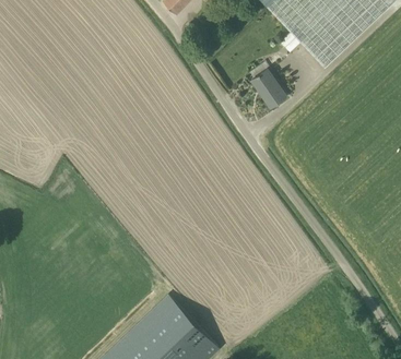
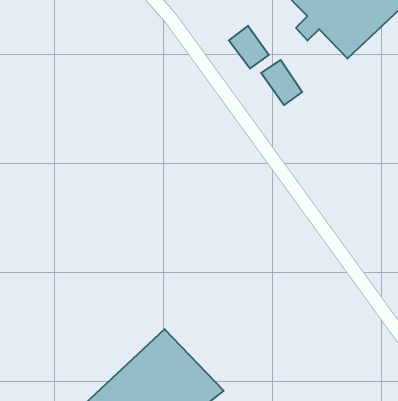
building: none -> [229,26,269,69]

